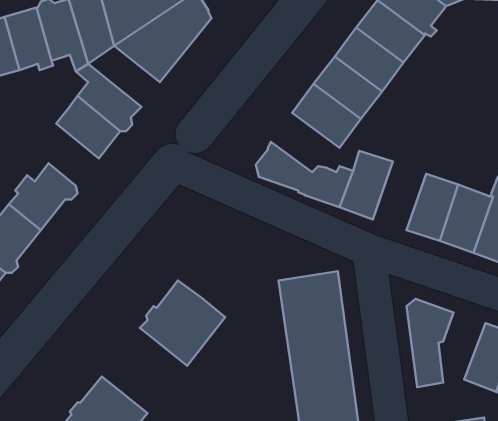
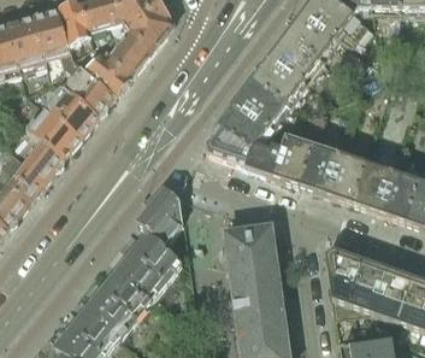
building: none -> [73,47,130,95]
building: none -> [218,100,272,147]
building: none -> [25,108,82,158]
building: none -> [299,139,341,193]
building: none -> [137,187,183,246]
building: none -> [350,258,388,313]
building: none -> [84,270,152,338]

